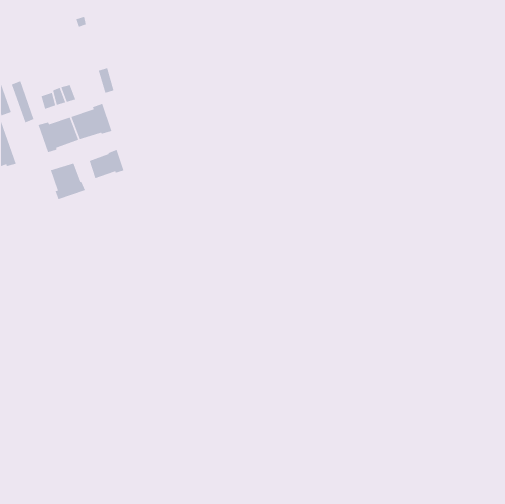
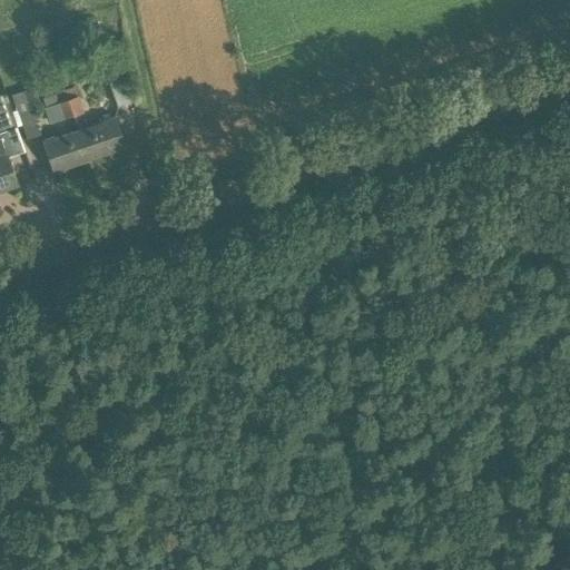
building: [89,149,125,179] -> none
building: [50,162,86,200] -> none

